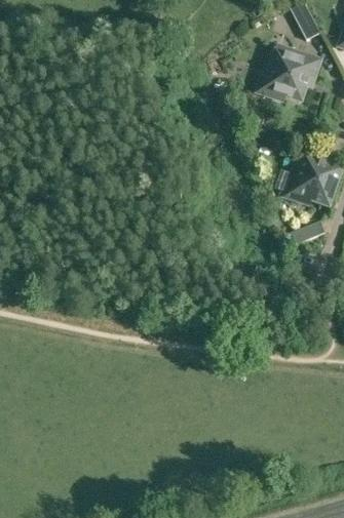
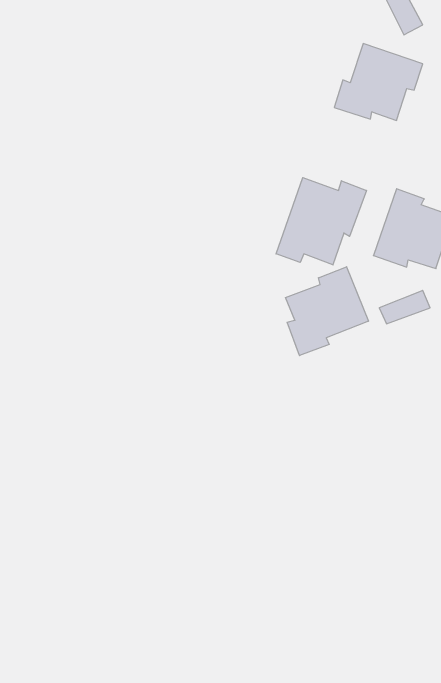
building: none -> [276,178,366,265]
building: none -> [286,267,368,356]

